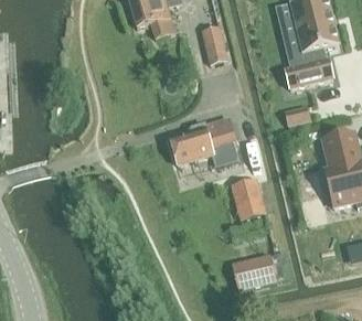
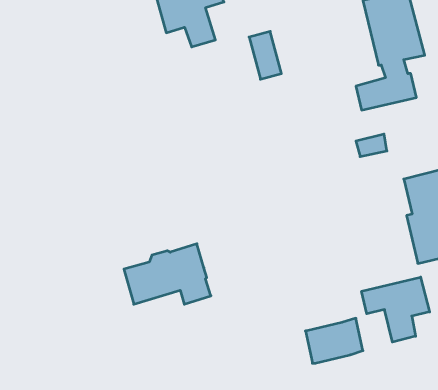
building: [169,118,237,165] -> [124,244,211,304]
building: [231,179,266,220] -> none
building: none -> [362,277,430,342]

